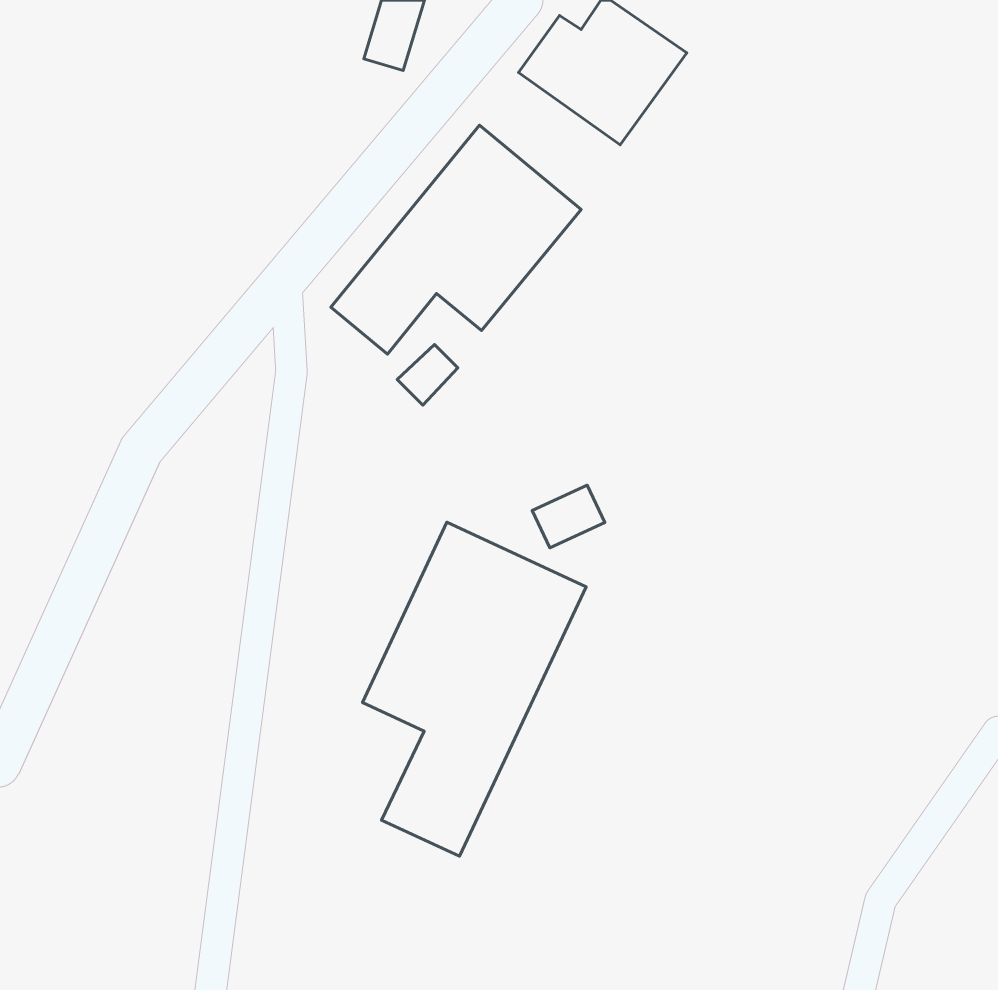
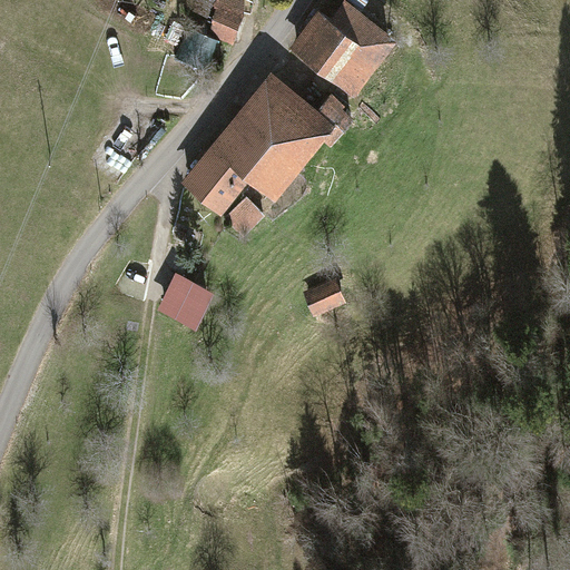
building: none -> [159,277,207,323]
building: [362,522,586,856] -> none

